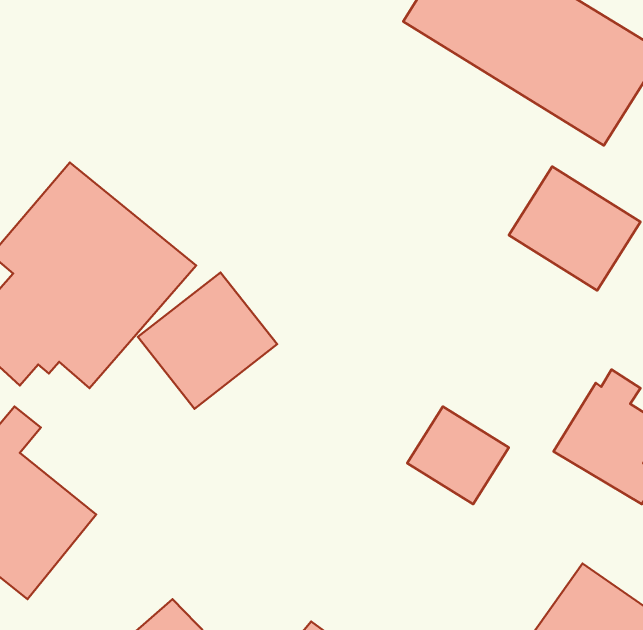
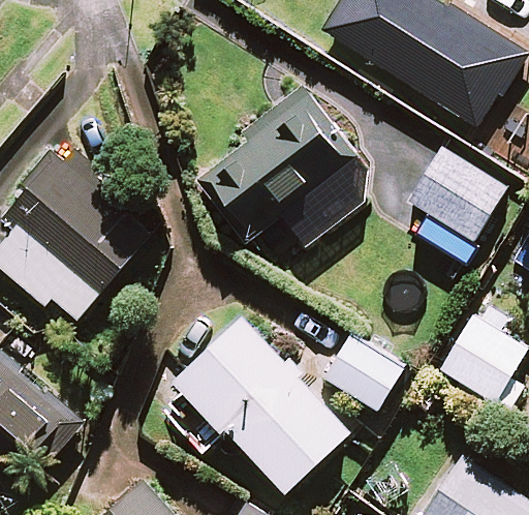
building: none -> [201,89,368,247]
building: [138,272,277,409] -> none
building: none -> [156,321,348,493]

